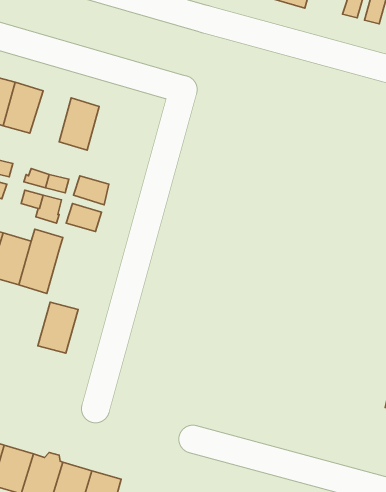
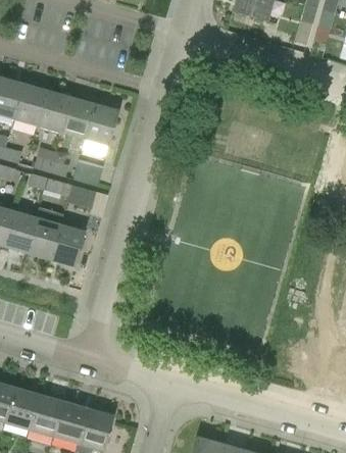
building: none -> [36,90,70,133]
building: none -> [84,103,118,146]
building: [38,302,78,353] -> [50,223,84,266]

